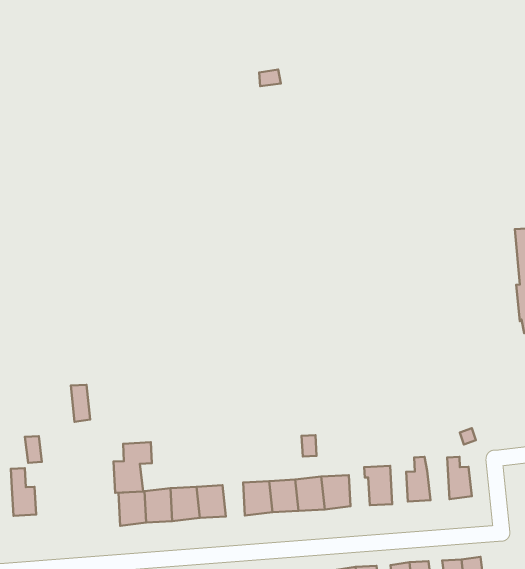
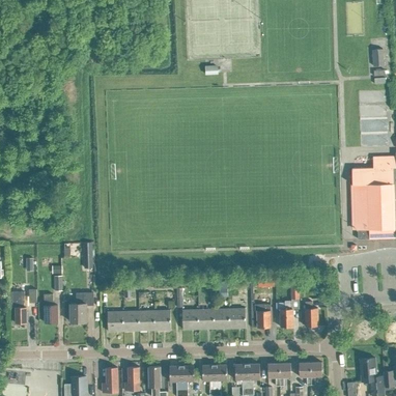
building: [114,442,152,493] -> [70,293,93,322]

